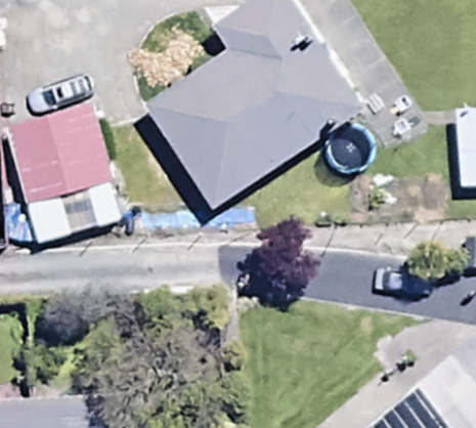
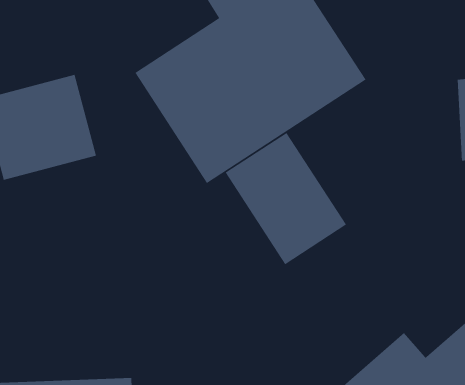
building: none -> [225,132,347,265]

